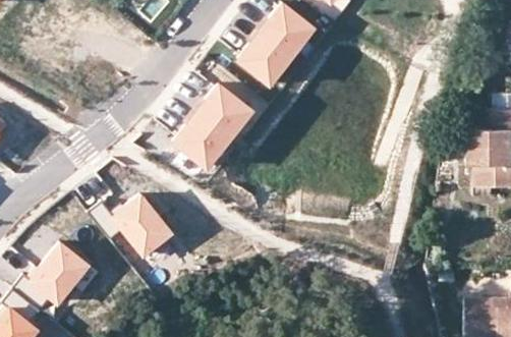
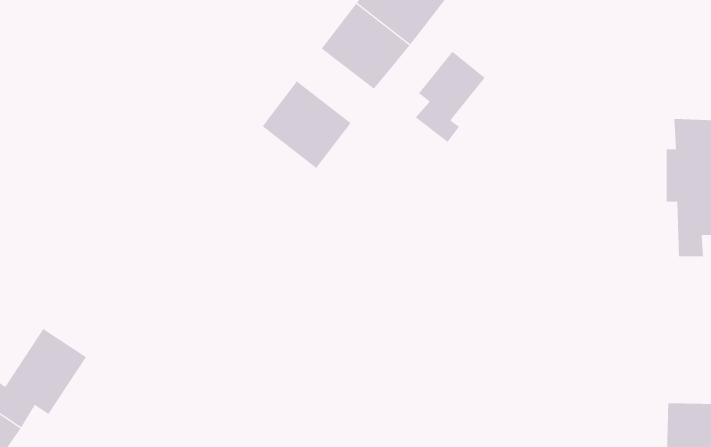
building: none -> [415,51,486,143]
building: [173,111,233,169] -> none
building: [88,195,176,259] -> none

